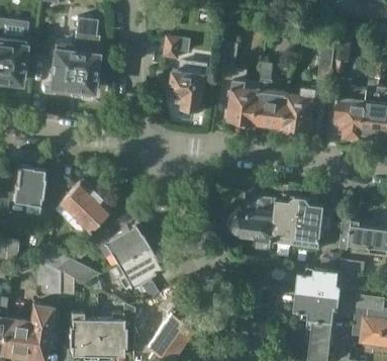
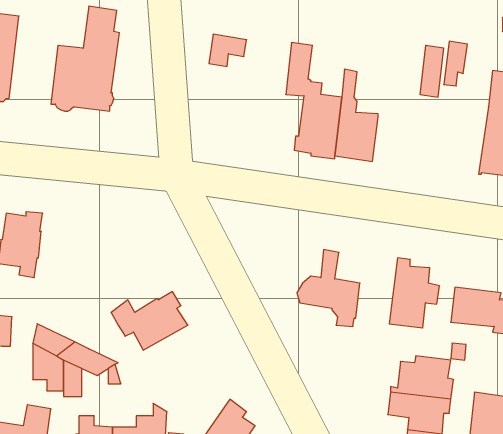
building: [170,64,209,112] -> none
building: [334,78,367,140] -> none
building: [282,90,315,132] -> none
building: [59,181,111,233] -> none
building: [264,196,301,246] -> none
building: [117,247,165,290] -> none

